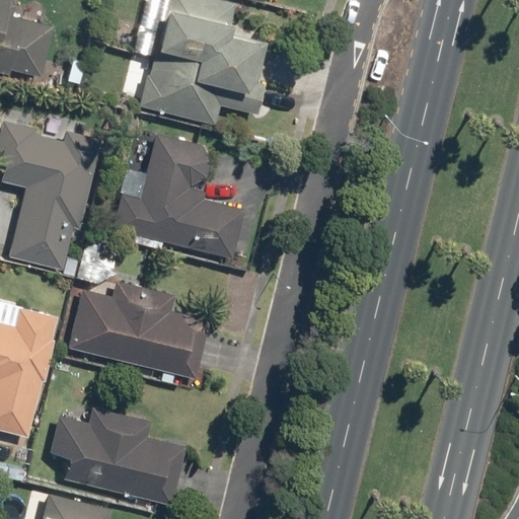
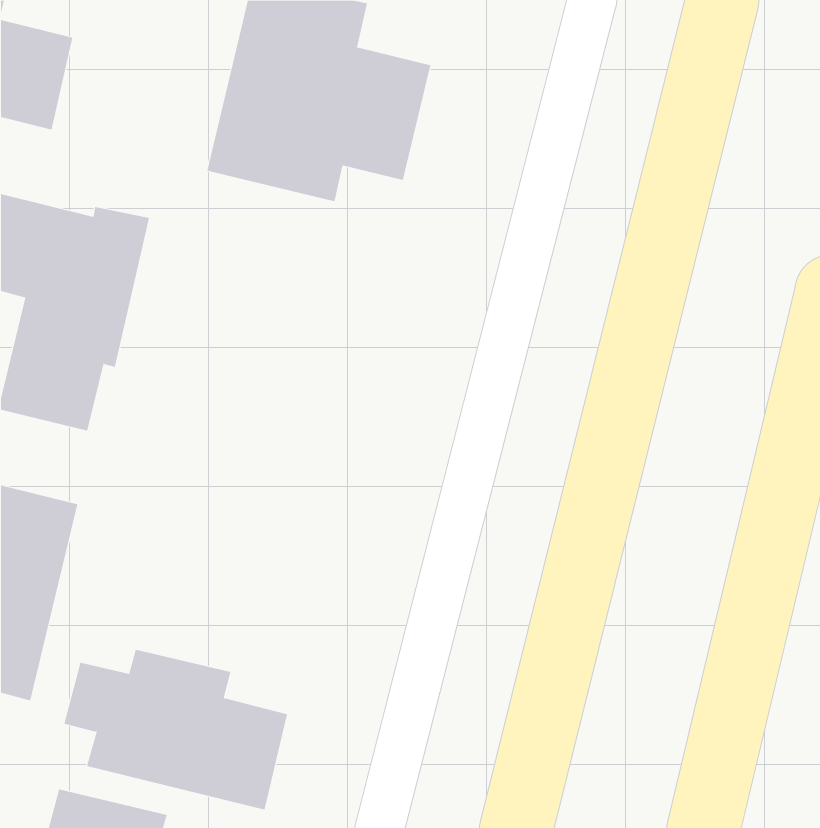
building: [109,133,245,261] -> none
building: [67,281,211,381] -> none

